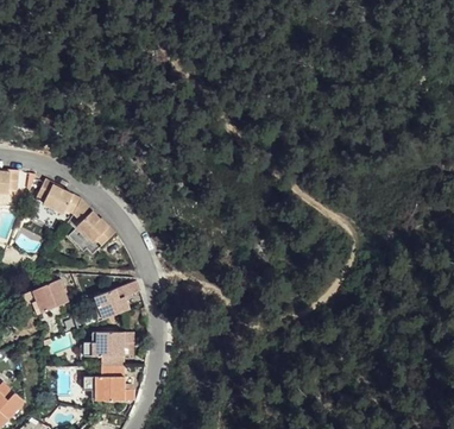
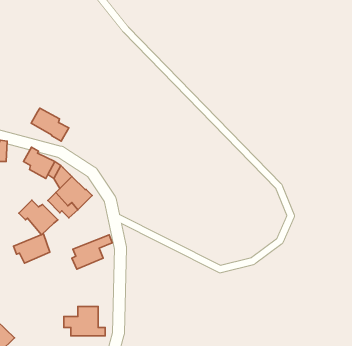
building: none -> [31,108,69,141]
building: none -> [19,200,58,235]
building: [86,332,134,365] -> none

